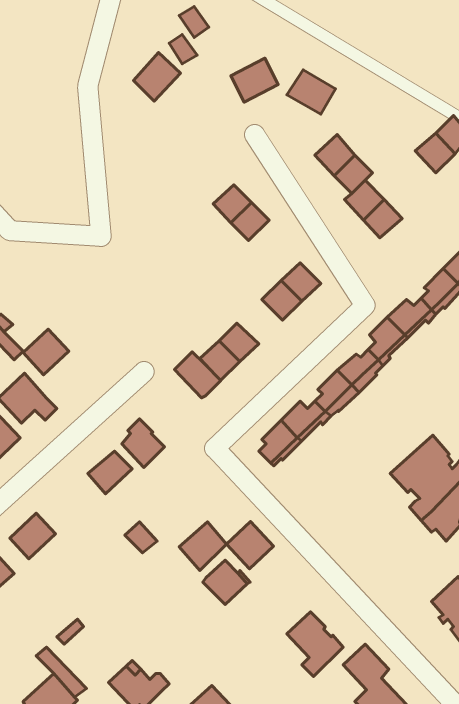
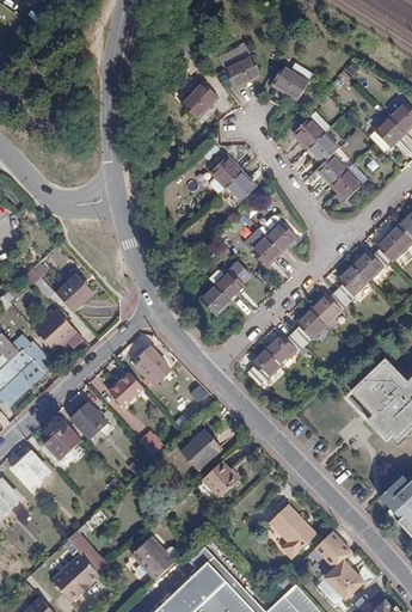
building: [133,53,181,101] -> [180,80,219,120]
building: [174,352,221,398] -> none
building: none -> [69,402,107,439]
building: [227,521,273,569] -> none

